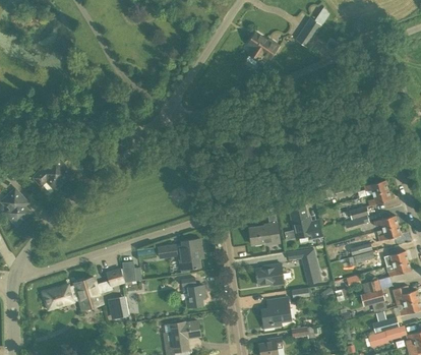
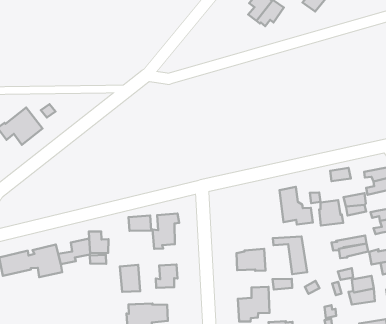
building: none -> [319,200,343,226]
building: [249,223,279,245] -> none
building: [112,296,132,321] -> [120,265,140,292]

